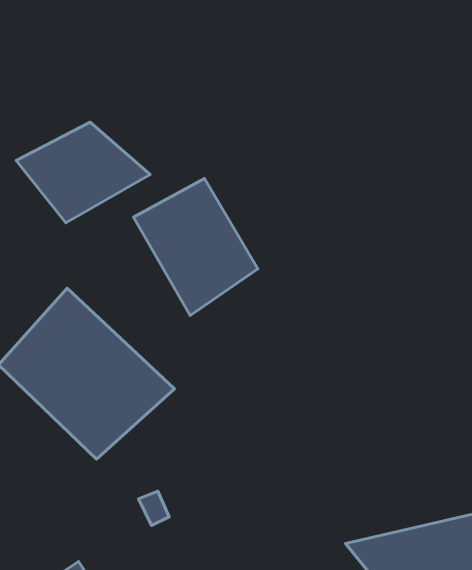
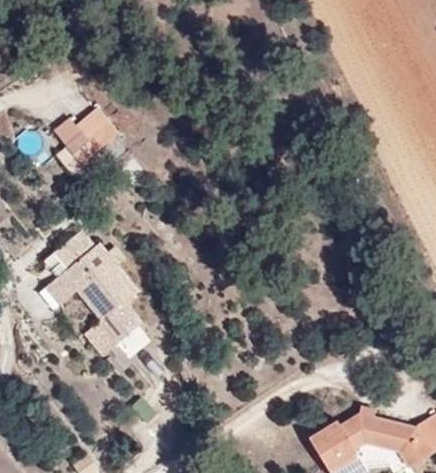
building: [134,178,258,316] -> none

